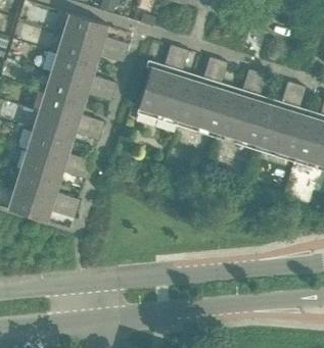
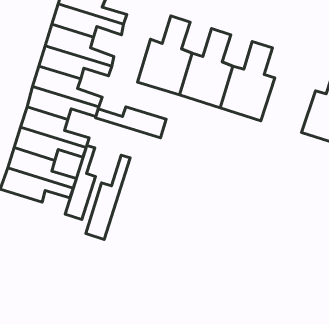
building: [256,82,308,156] -> none
building: none -> [96,107,166,138]
building: none -> [65,145,95,220]
building: none -> [86,155,130,239]

